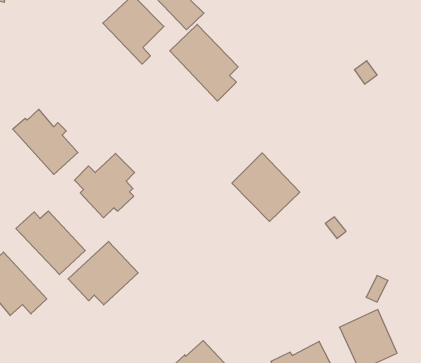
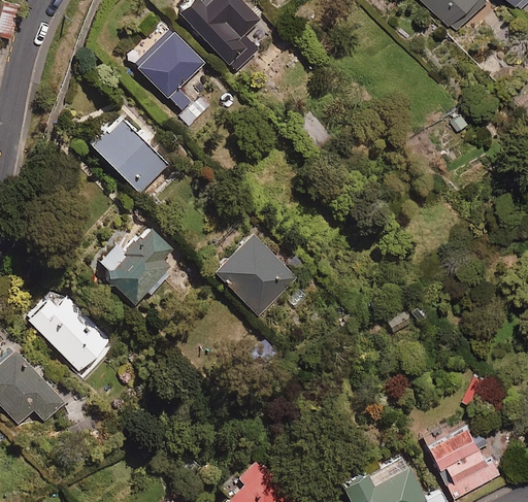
building: [170,24,238,101] -> none
building: [13,109,78,174] -> [89,113,169,194]
building: [232,153,300,221] -> [213,232,297,316]
building: [68,241,138,305] -> none

